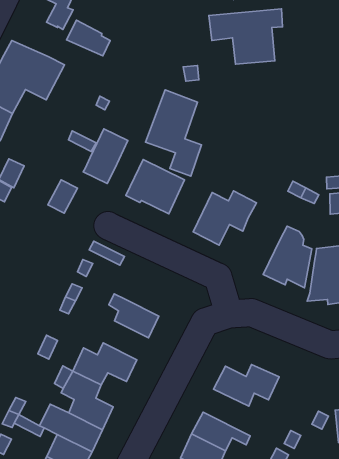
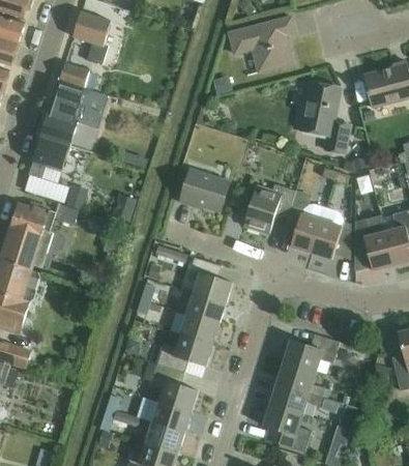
building: [67,20,110,56] -> [58,62,96,90]
building: [145,90,202,176] -> [299,81,349,153]
building: [83,129,128,183] -> none
building: none -> [283,204,325,253]
building: none -> [186,257,231,303]
building: none -> [168,310,218,345]
building: none -> [276,360,324,397]

